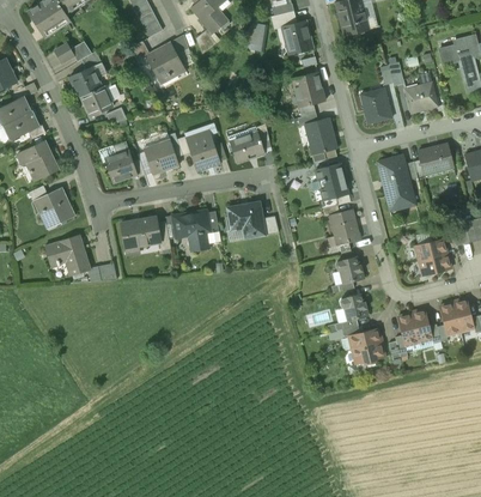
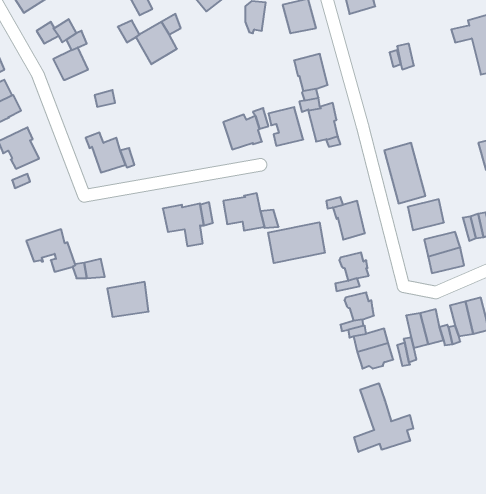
building: [404,81,437,111] -> none
building: [80,85,112,116] -> none
building: [364,87,392,123] -> none
building: [187,133,220,170] -> none
building: [144,139,178,175] -> none
building: [419,143,452,171] -> [408,199,444,230]
building: [316,163,348,199] -> [268,107,303,146]
building: [35,187,74,224] -> none
building: [121,216,159,248] -> [107,282,149,317]
building: none -> [268,222,325,263]
building: none -> [354,383,413,452]

